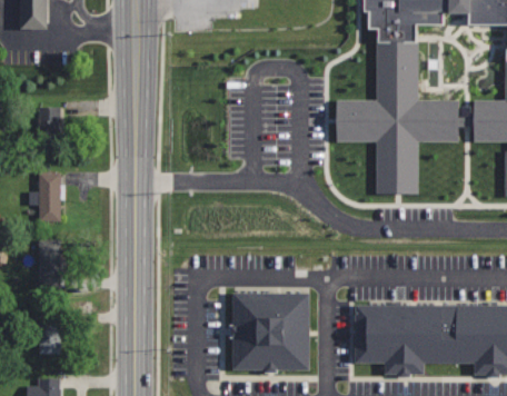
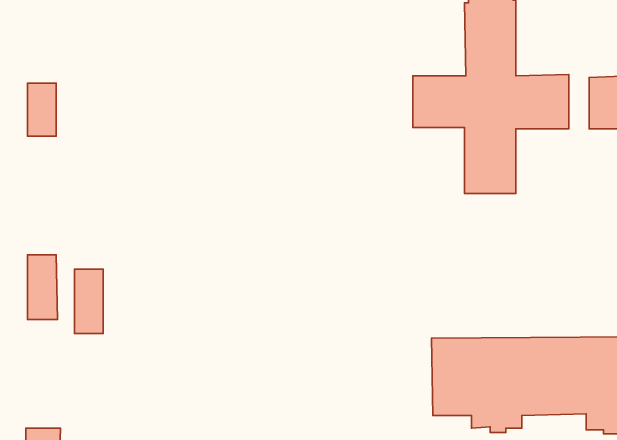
building: [38,171,60,221] -> [75,269,103,334]
building: [228,294,304,370] -> none
building: [33,325,60,359] -> none

